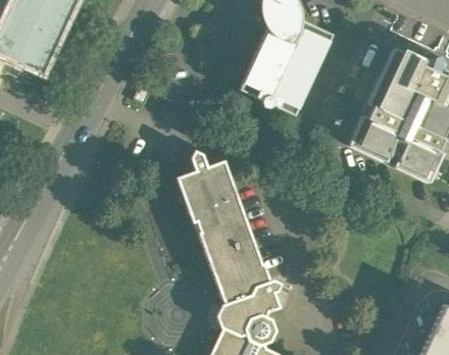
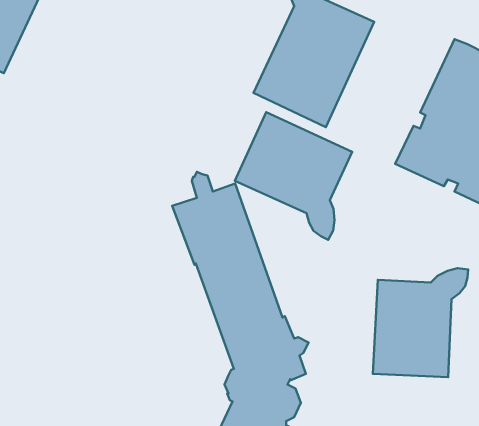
building: none -> [235,112,352,240]
building: none -> [373,268,468,377]

